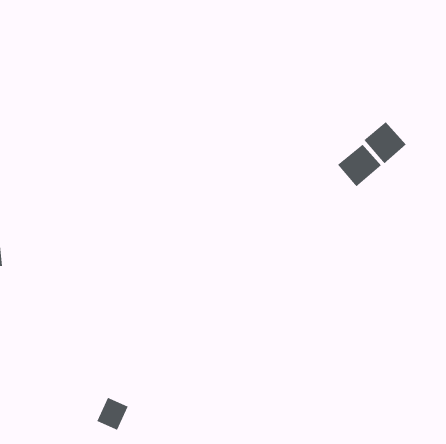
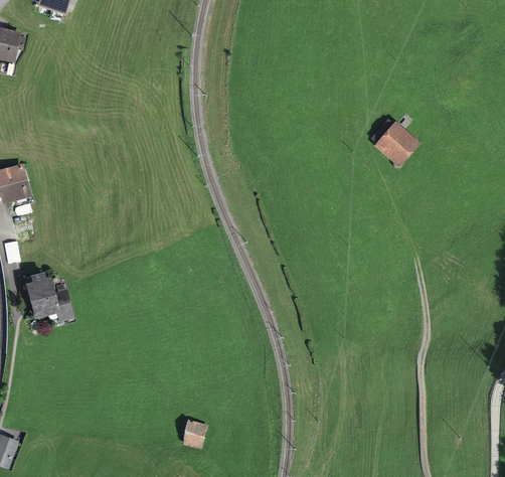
building: [337,144,382,187] -> none

